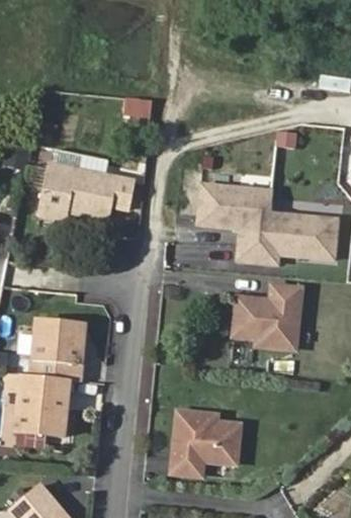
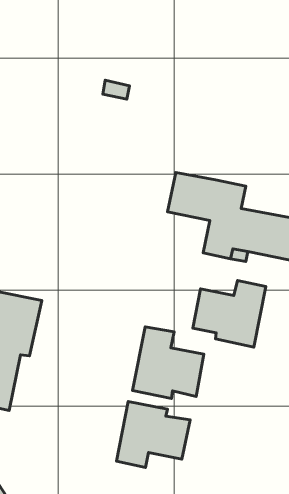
building: [40,163,135,222] -> none
building: none -> [133,327,204,398]

